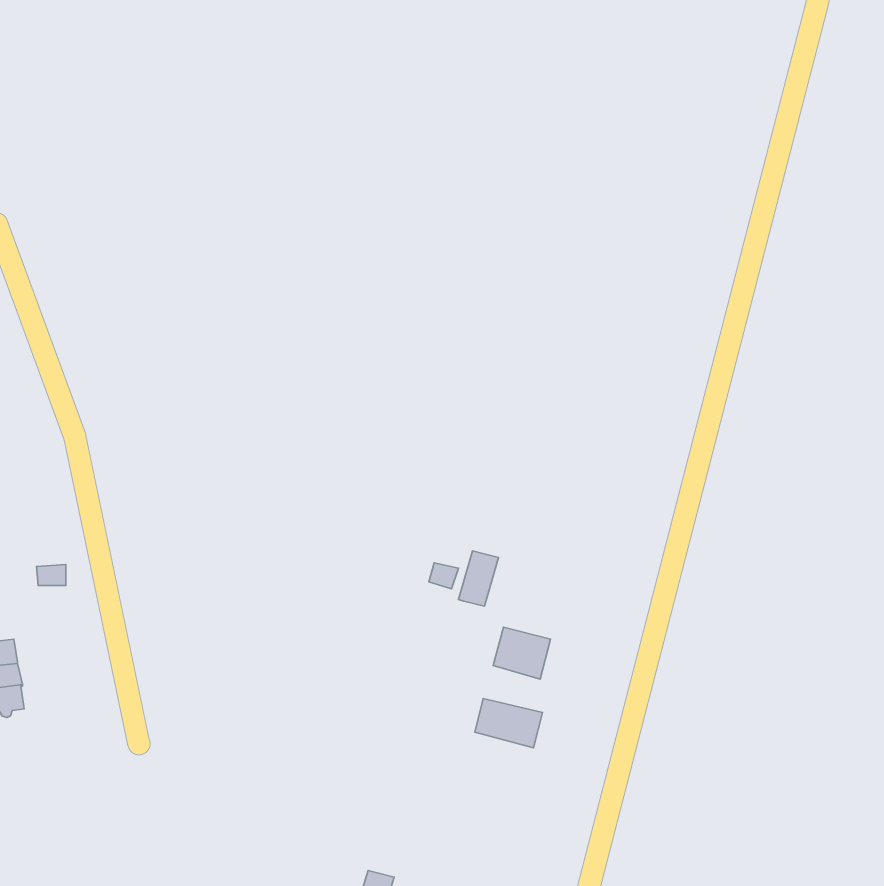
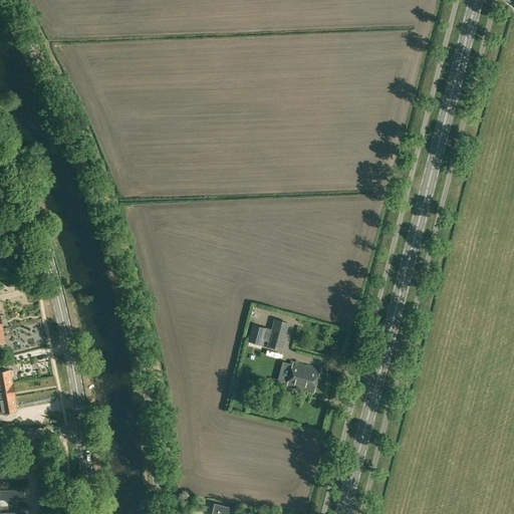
building: [475,699,543,748] -> none

